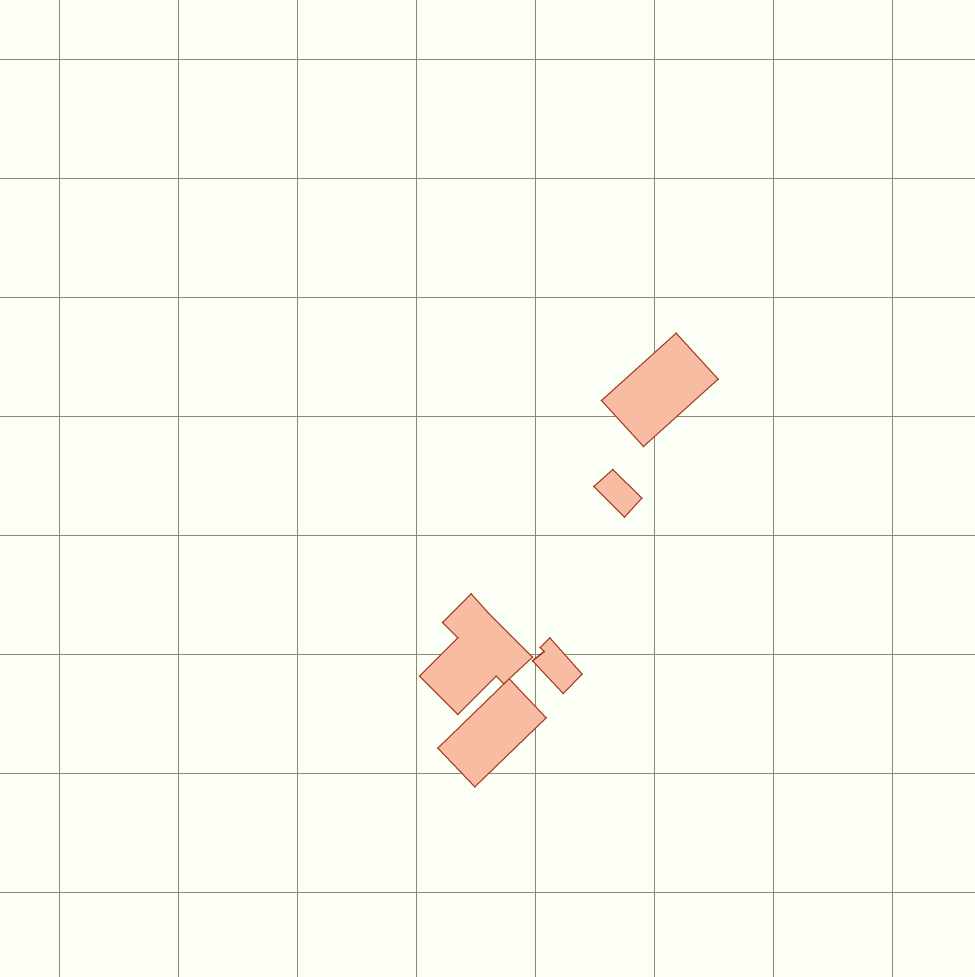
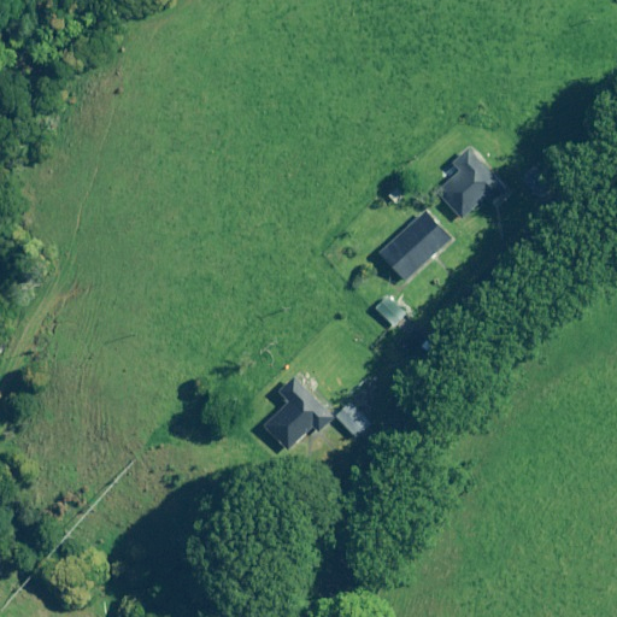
building: none -> [436,148,511,218]
building: [438,679,546,787] -> none

